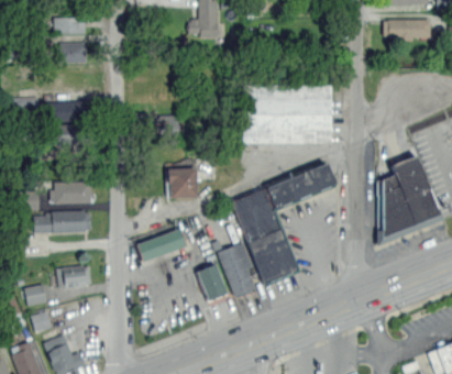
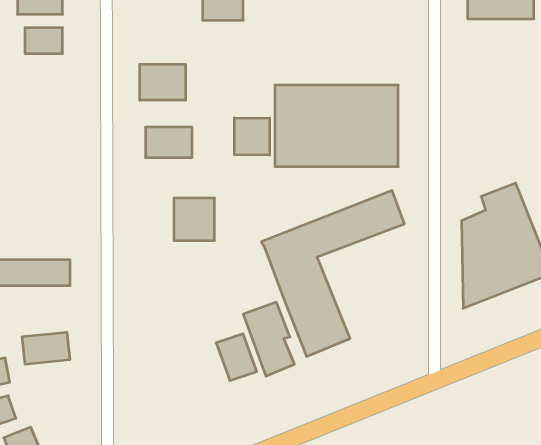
building: none -> [140,64,186,100]
building: [47,102,88,121] -> none
building: none -> [234,118,270,155]
building: [58,128,84,145] -> none
building: [51,183,90,202] -> none
building: [137,229,185,262] -> none

